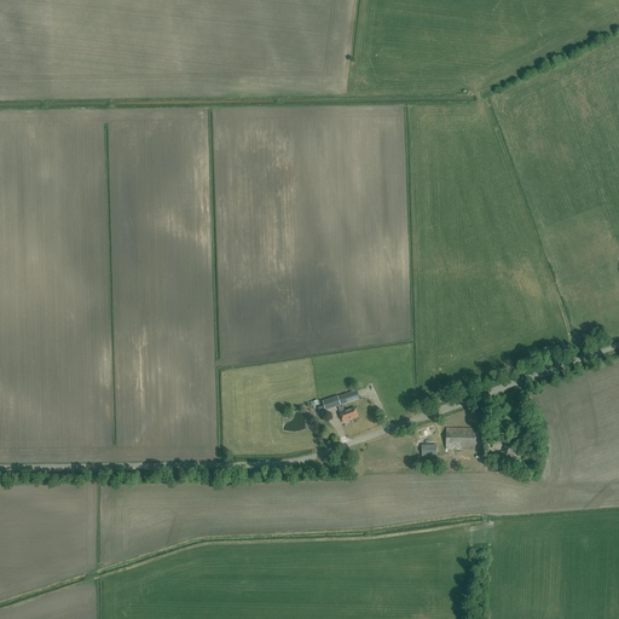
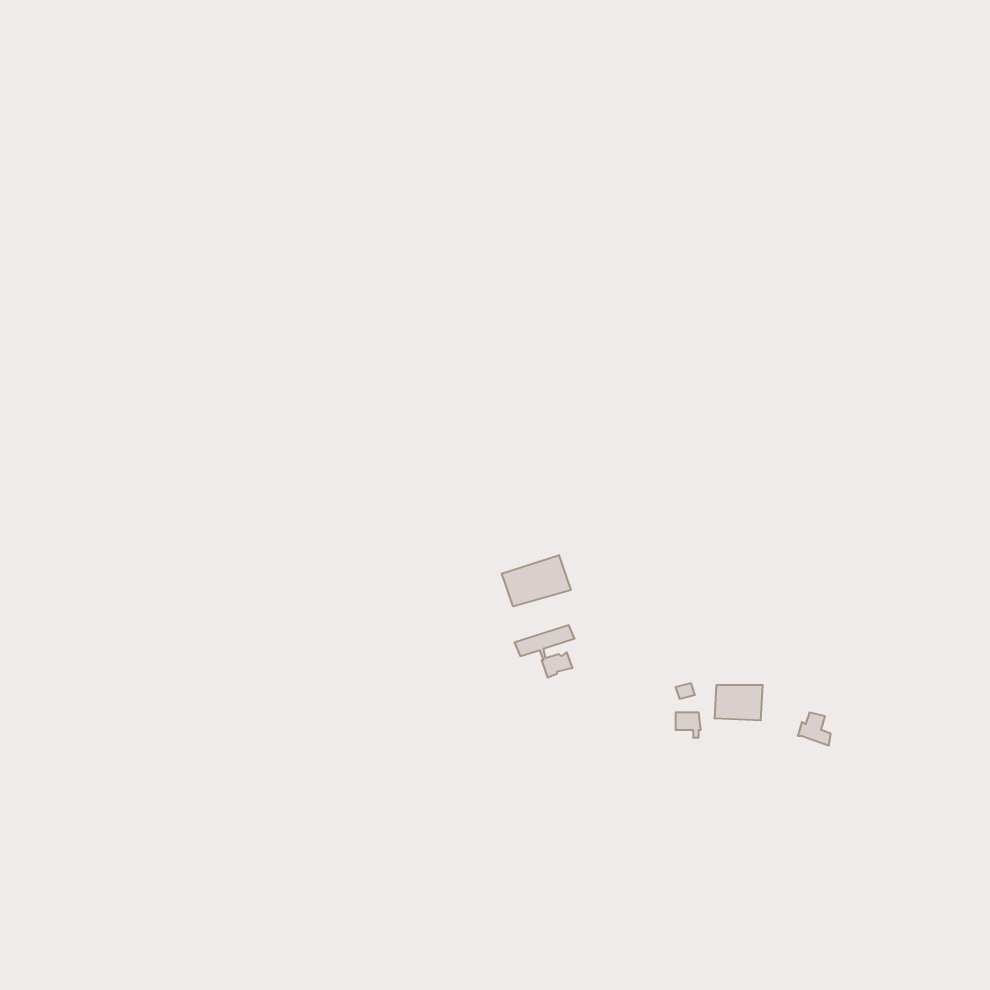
building: none -> [502,555,571,606]

